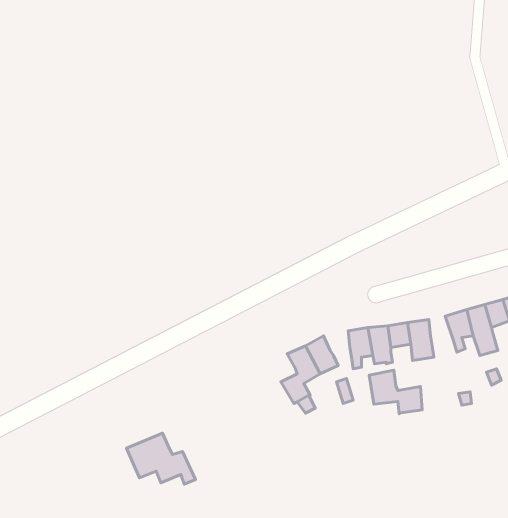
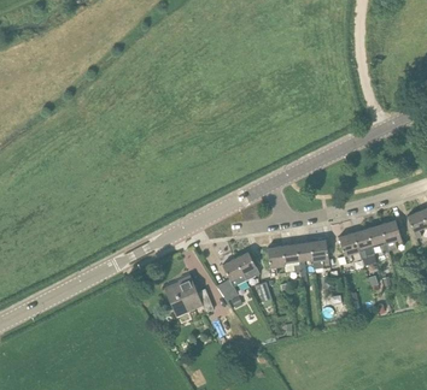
building: [369,370,422,414] -> none
building: [126,433,196,484] -> [163,276,214,313]

